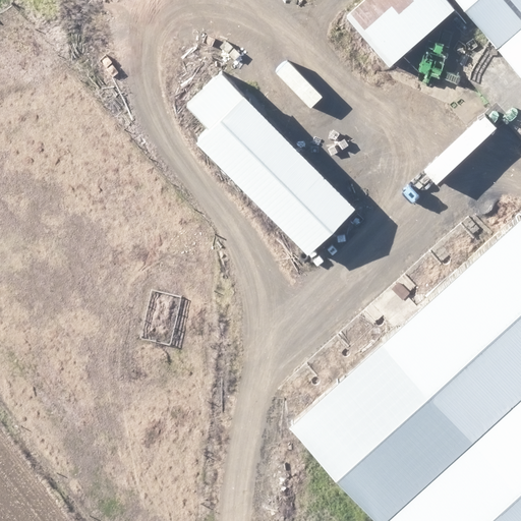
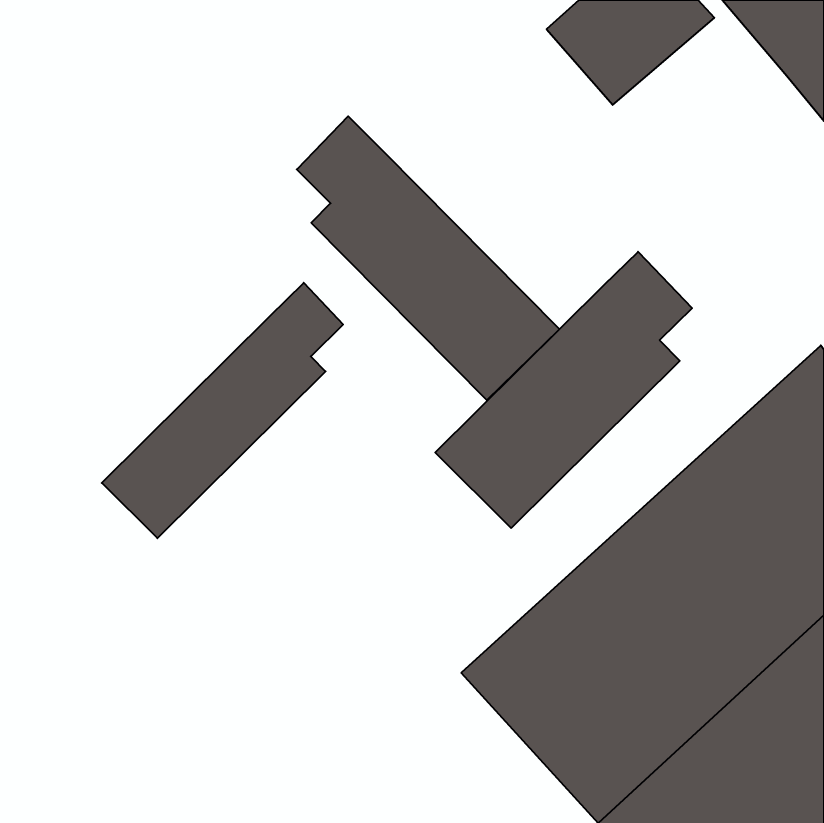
building: none -> [435,252,692,528]
building: none -> [102,283,343,538]

